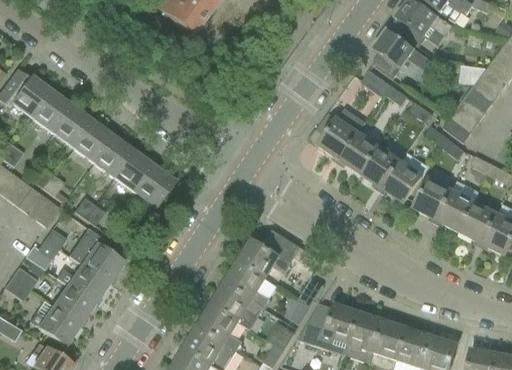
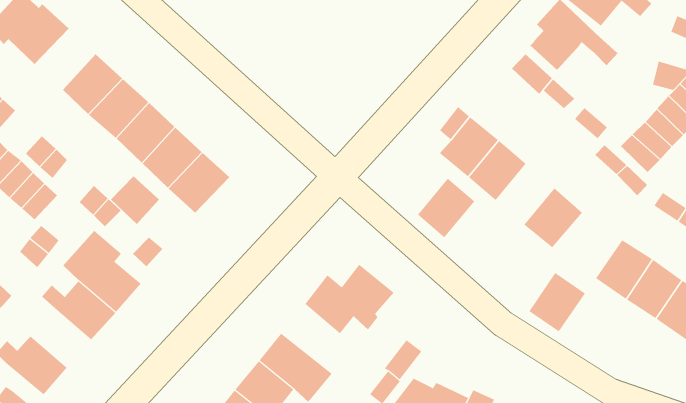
building: [32,91,73,134] -> none
building: [361,146,400,188] -> [417,178,475,238]
building: [413,178,451,219] -> [528,272,586,332]
building: none -> [110,175,160,225]
building: [224,261,276,307] -> none
building: [52,285,94,325] -> none

